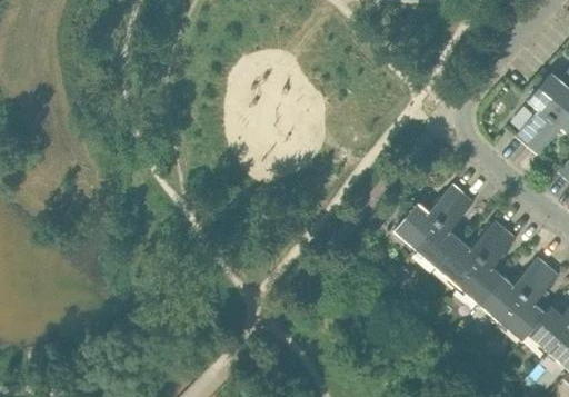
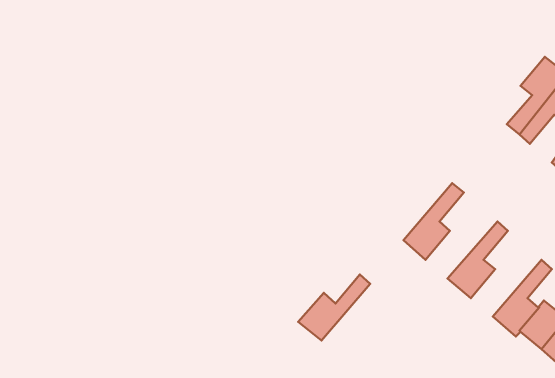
building: [393,185,462,248] -> [298,274,370,341]
building: [437,221,506,285] -> none
building: [480,257,548,321] -> none

